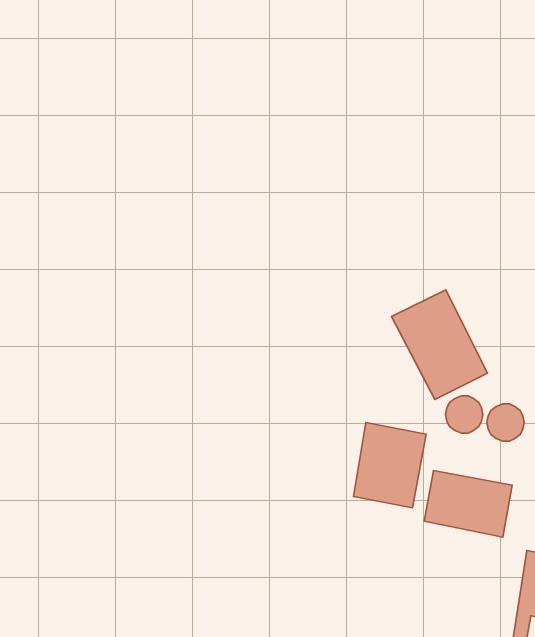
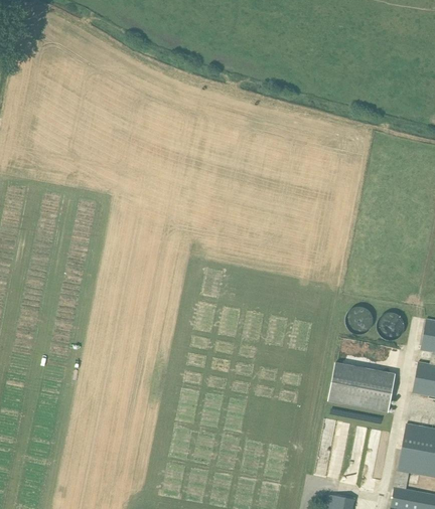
building: [392,290,488,399] -> none
building: [353,422,426,508] -> none

